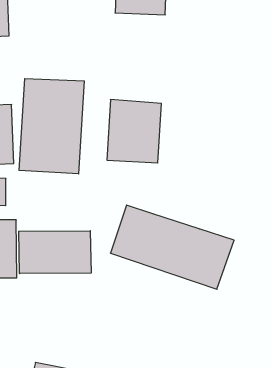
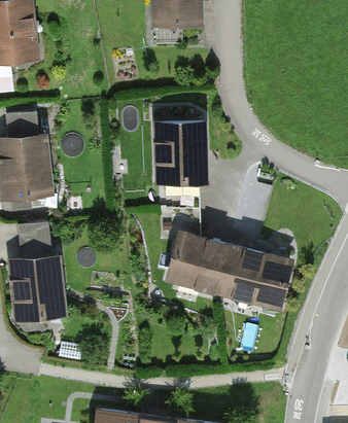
building: [19,79,84,174] -> none
building: [19,231,91,274] -> none

